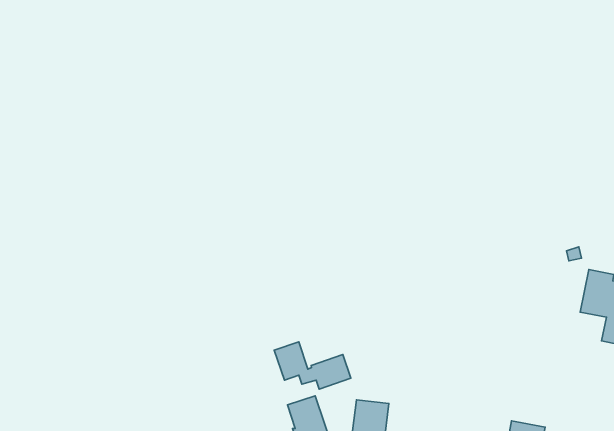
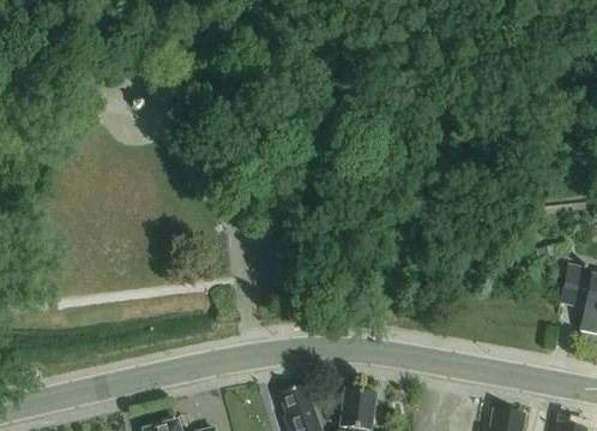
building: [274,342,351,389] -> none

